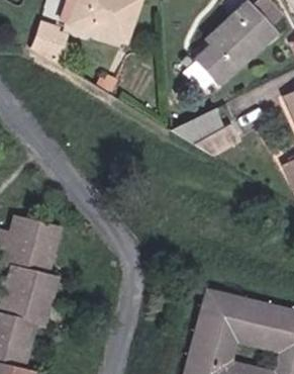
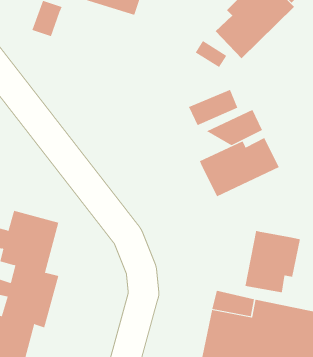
building: none -> [199,137,279,197]
building: none -> [245,230,301,293]

